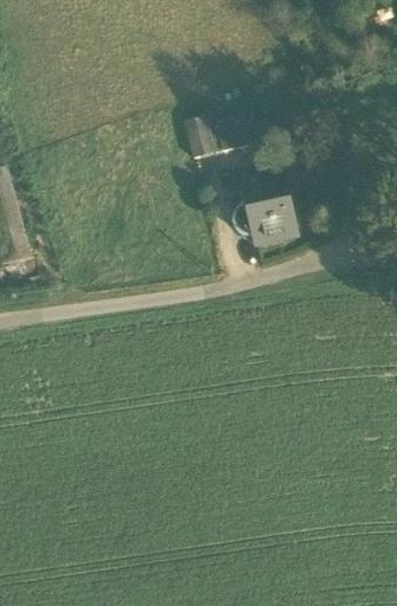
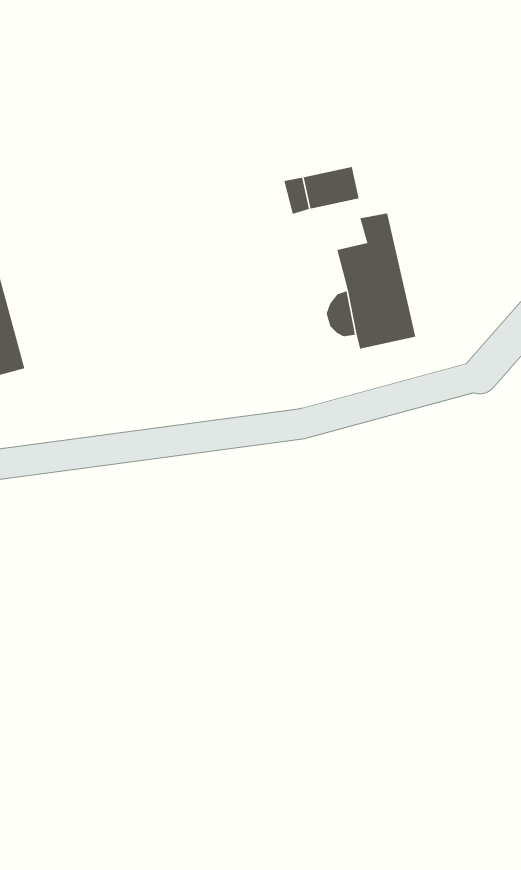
building: [185,118,212,157] -> none

